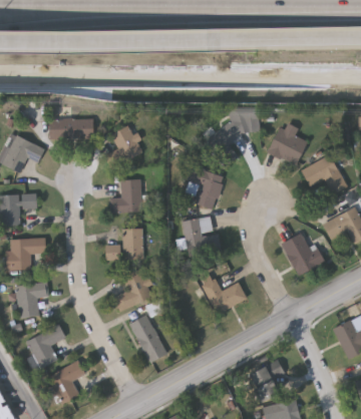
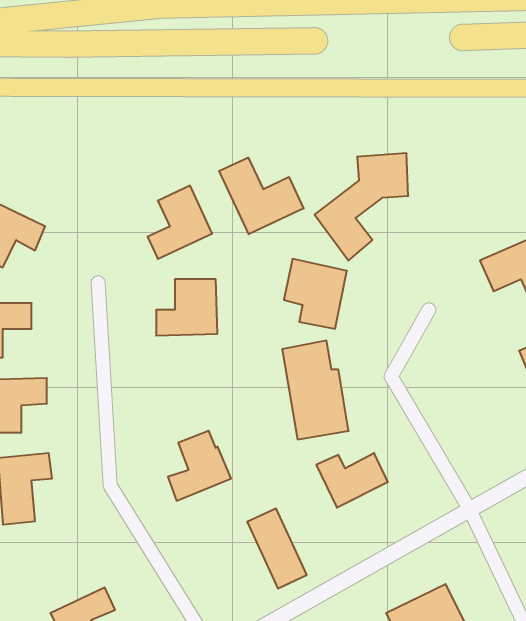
building: none -> [219,157,304,234]
building: [49,117,93,137] -> none
building: [268,121,306,165] -> none
building: [105,228,146,261] -> none
building: [281,231,322,276] -> none
building: [130,315,165,362] -> [247,508,307,588]
building: [25,325,65,369] -> none

